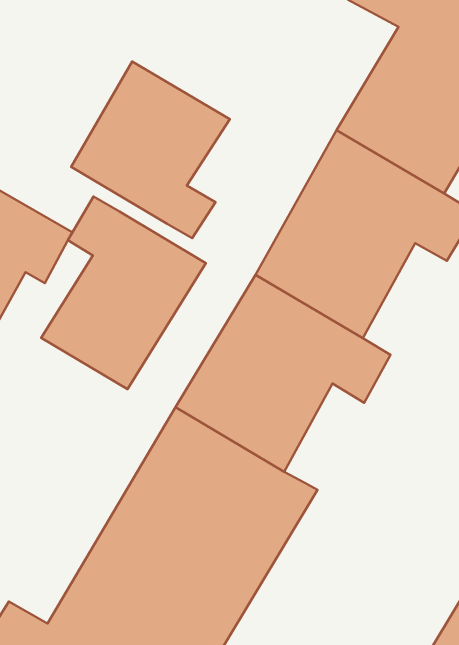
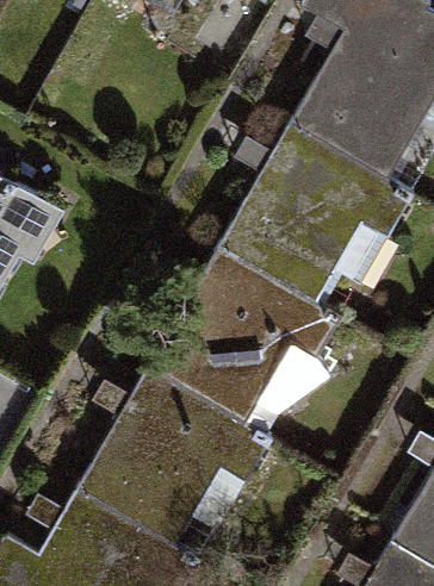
building: [71,61,230,238] -> none
building: [41,197,206,389] -> none

